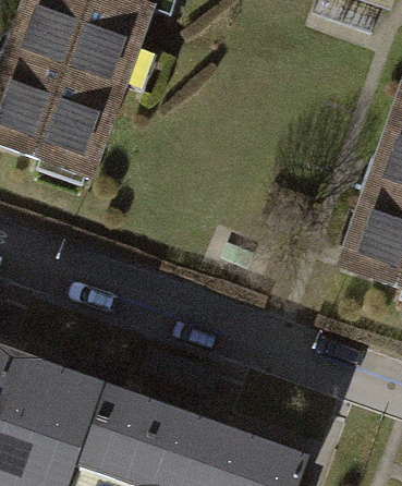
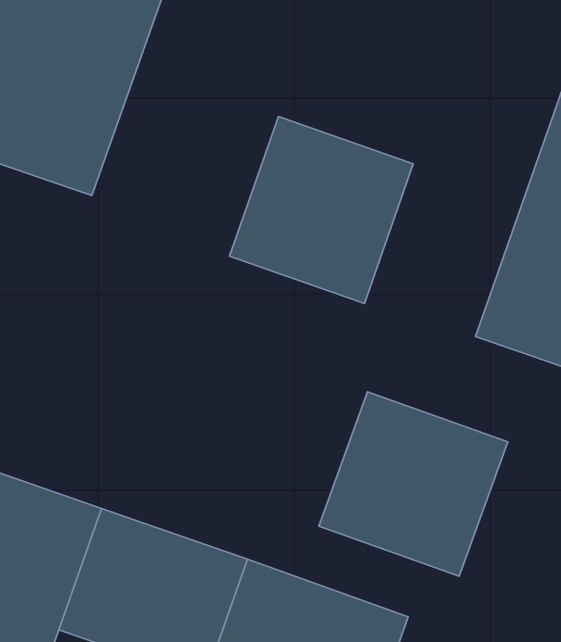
building: none -> [230,117,413,304]
building: none -> [319,392,508,576]

